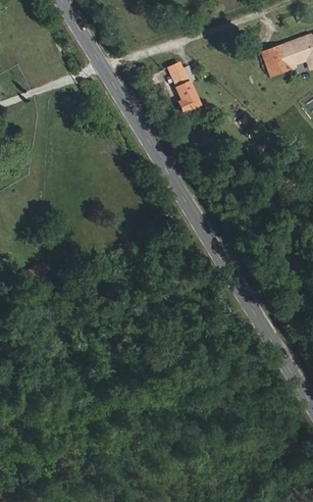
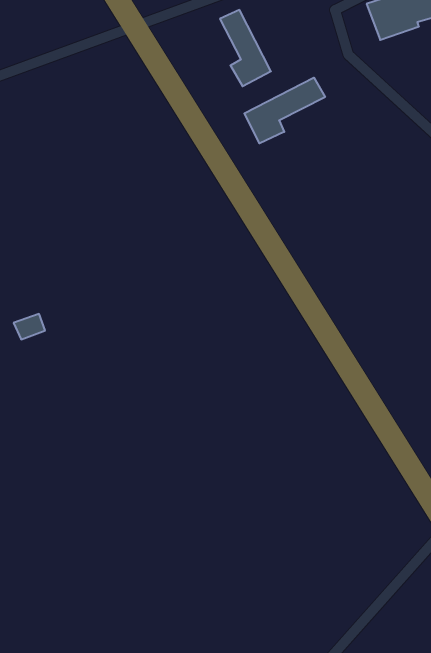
building: none -> [244,78,325,143]

